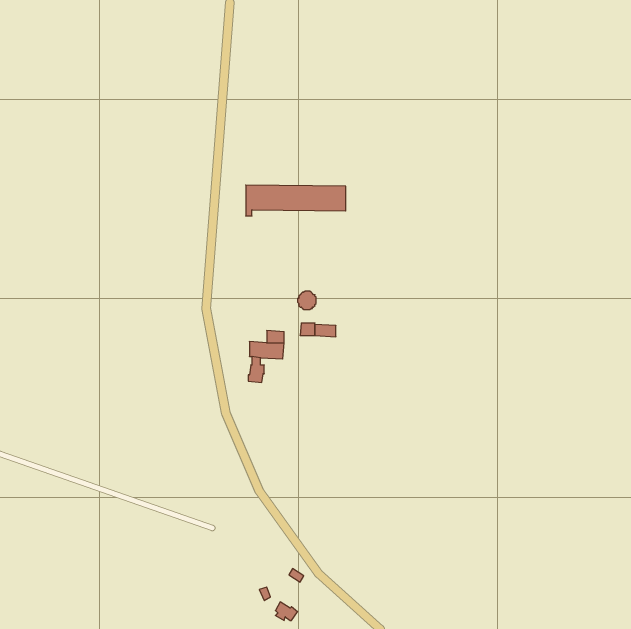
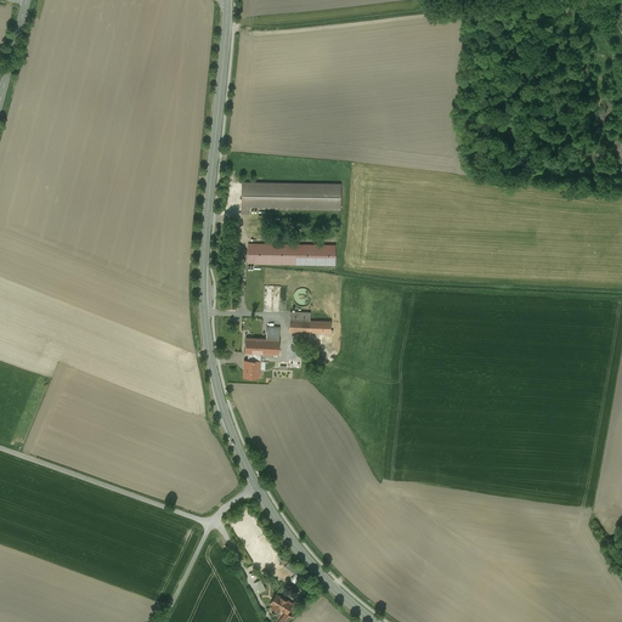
building: none -> [248,243,335,264]

